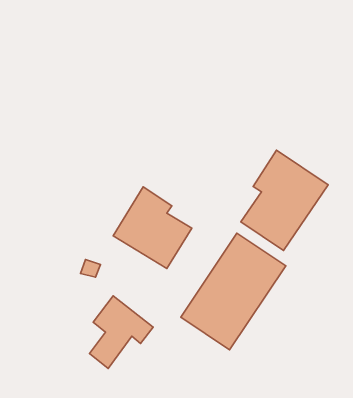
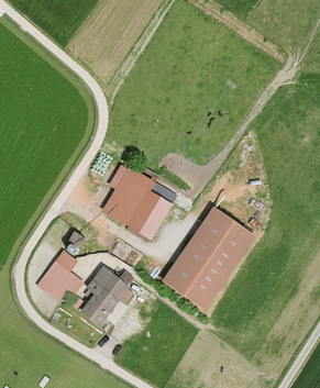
building: [241,150,328,250] -> none
building: none -> [42,252,85,293]

